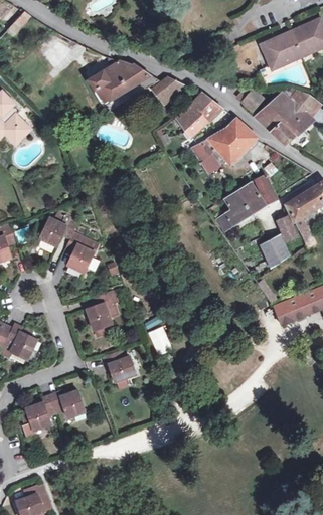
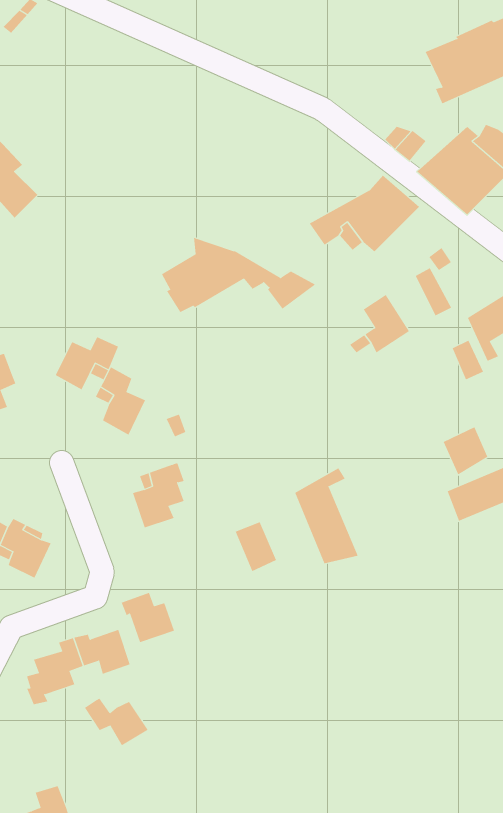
building: [90,56,182,102] -> [161,237,316,313]
building: [176,93,222,136] -> none
building: [237,182,264,211] -> none
building: [261,236,288,266] -> [443,427,488,475]
building: none -> [294,467,359,564]
building: [104,350,136,380] -> [121,592,175,643]
building: none -> [84,698,149,746]

